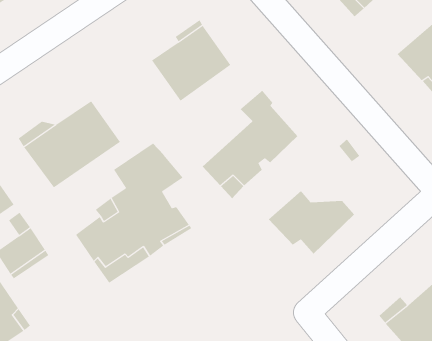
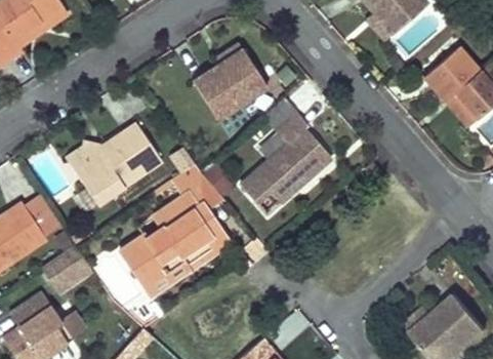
building: [268,190,355,255] -> none

